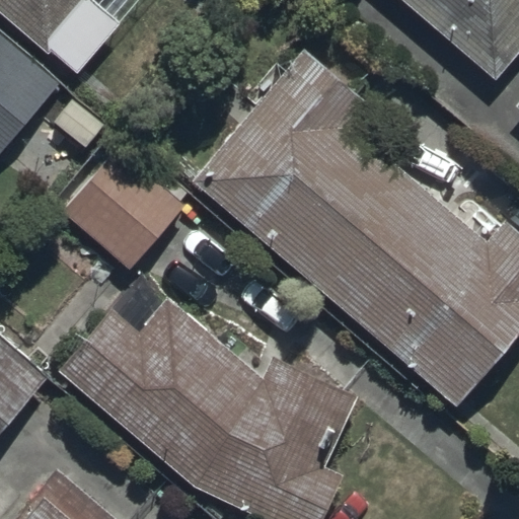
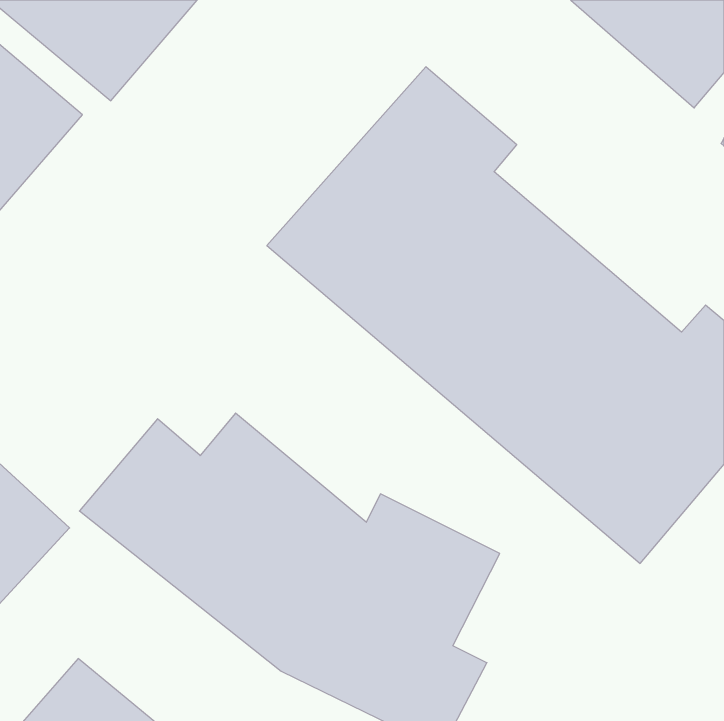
building: [61,139,184,269] -> none

